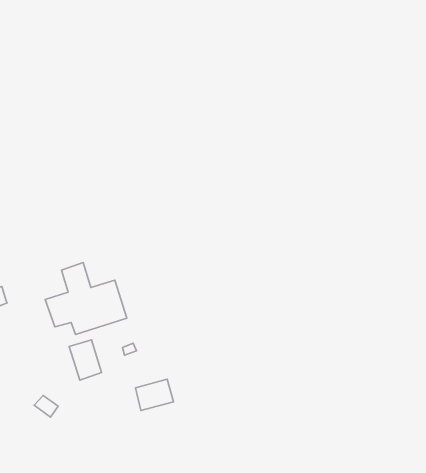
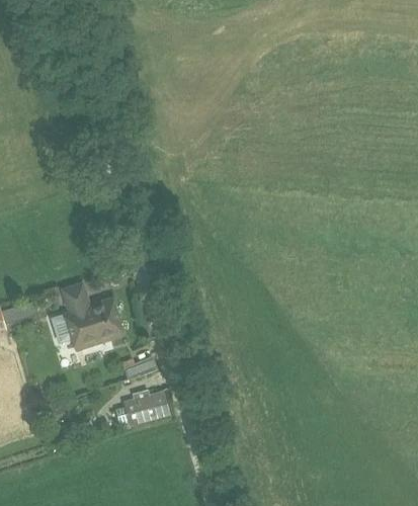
building: [69,340,102,380] -> none

